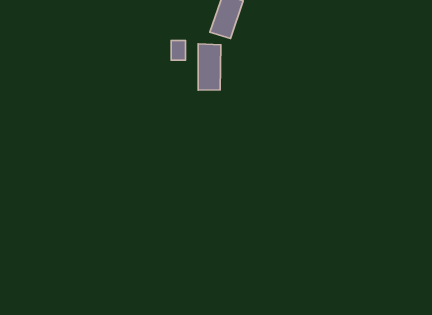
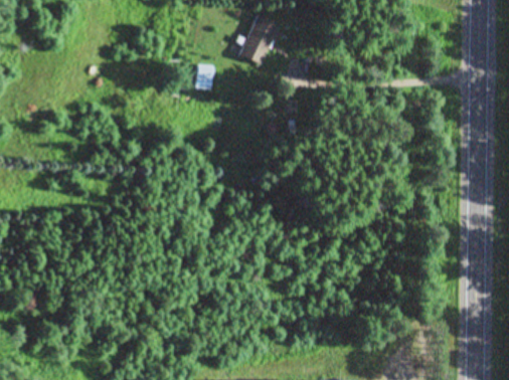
building: [198,44,221,90] -> none

